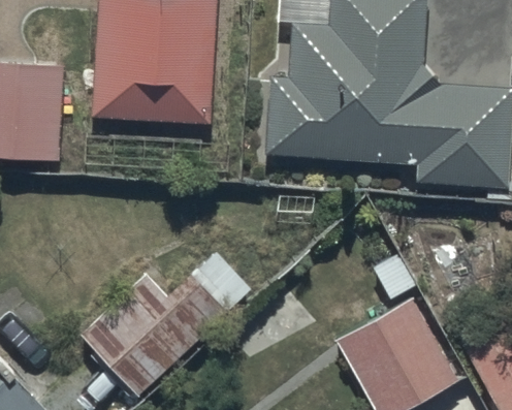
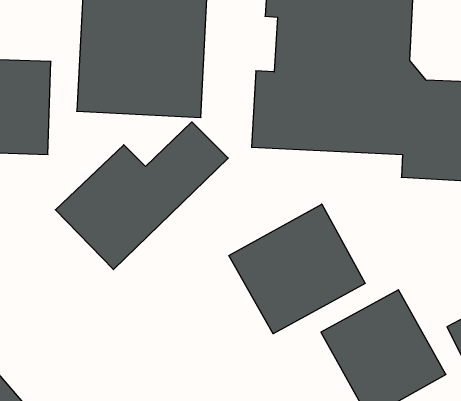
building: none -> [229,204,365,334]
building: [78,250,251,398] -> [55,122,228,270]

